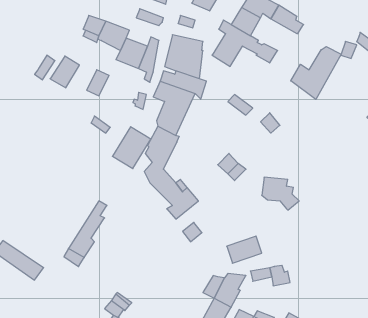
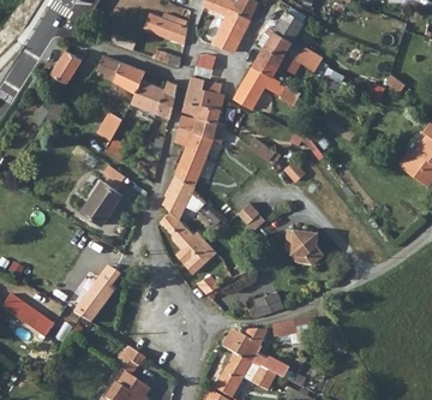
building: [291,47,341,99] -> none
building: [50,56,79,88] -> [48,49,79,83]
building: [112,127,151,169] -> [77,175,118,220]

